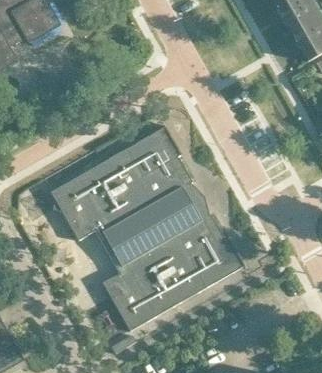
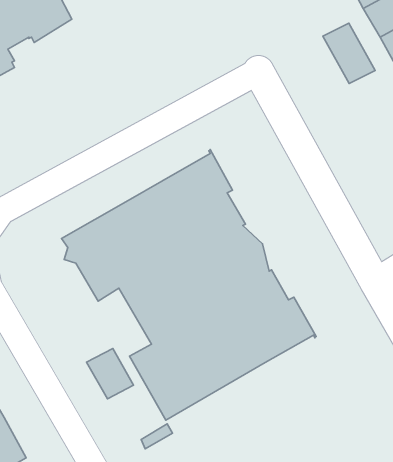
building: none -> [323,23,375,84]
building: none -> [87,349,133,399]

